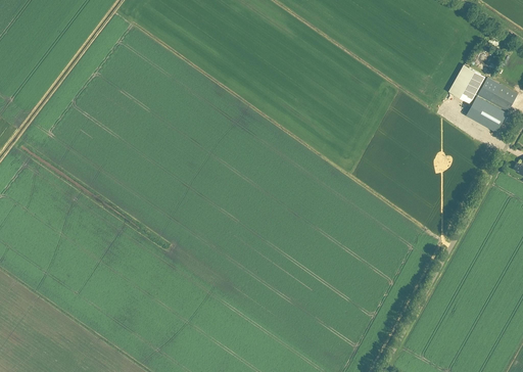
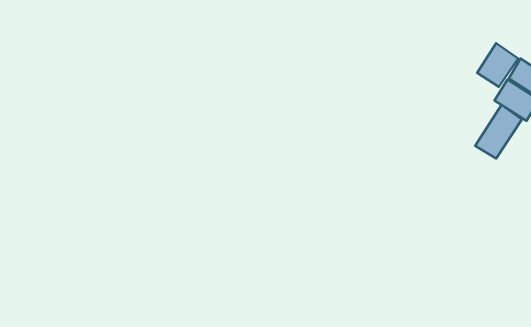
building: none -> [475,105,522,159]

